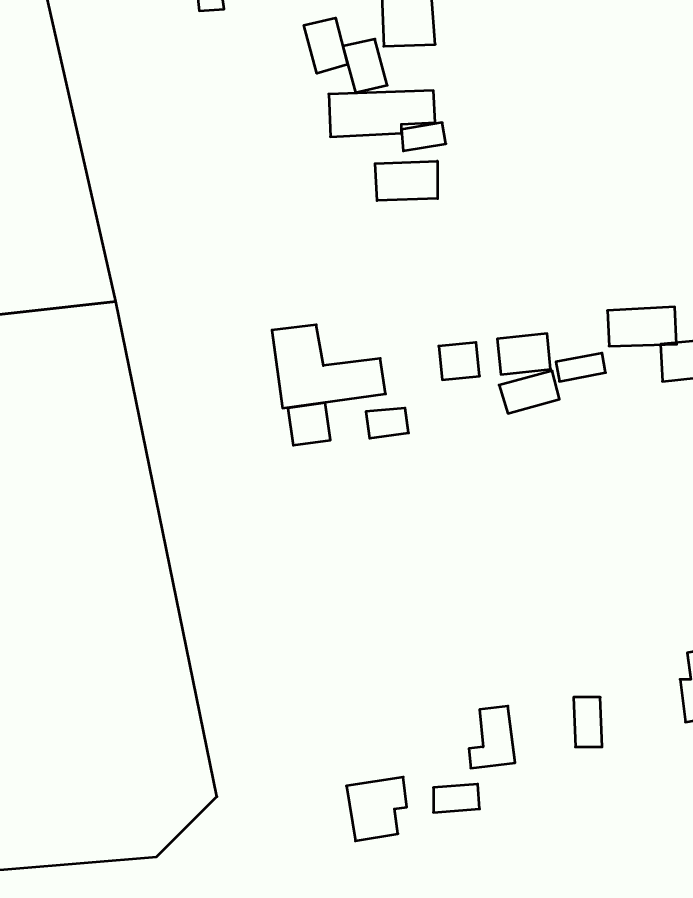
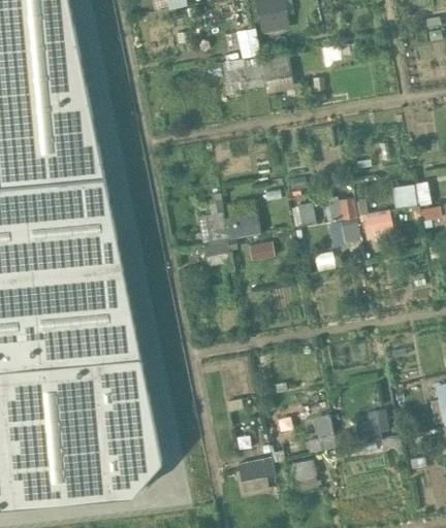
building: [304,18,348,73] -> none
building: [375,161,438,201] -> none

